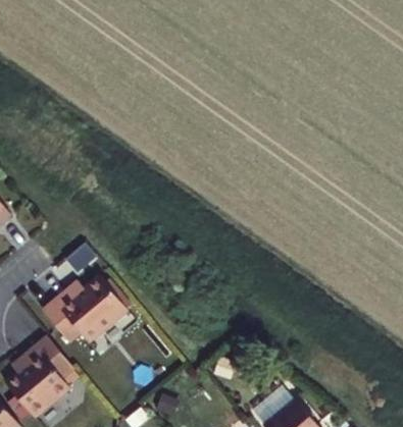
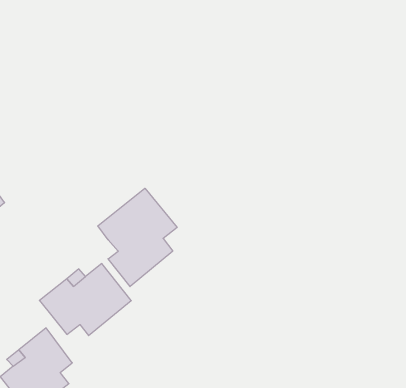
building: none -> [98,188,177,287]

